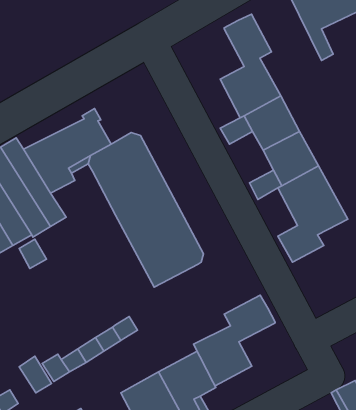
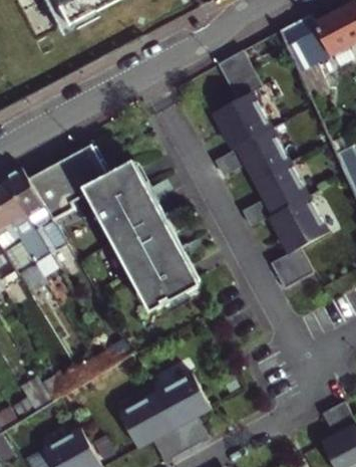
building: [194,295,275,386] -> none

